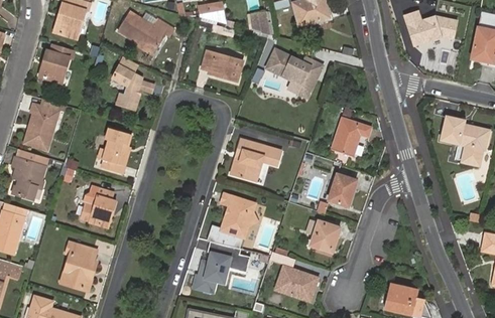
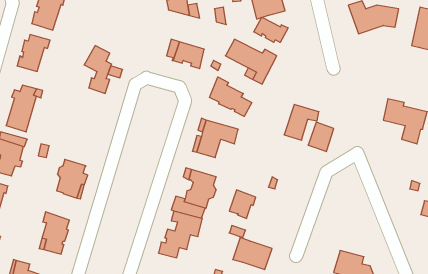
building: [119,12,175,52] -> none
building: none -> [254,17,288,42]
building: none -> [209,77,252,116]
building: [98,127,131,173] -> none
building: [326,175,354,207] -> [308,122,334,152]
building: [310,222,339,254] -> [229,190,256,218]

